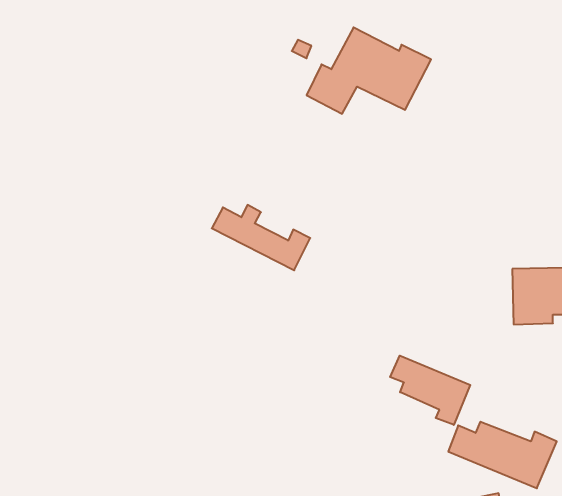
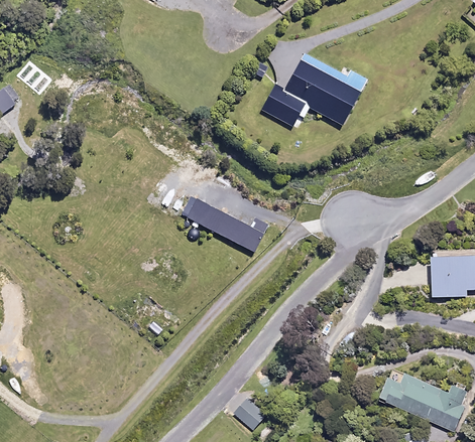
building: [390,356,470,425] -> none
building: none -> [234,399,264,427]

